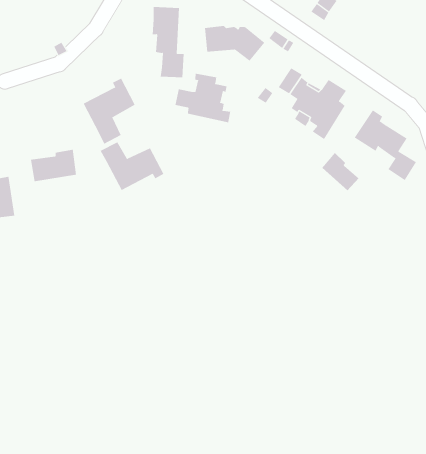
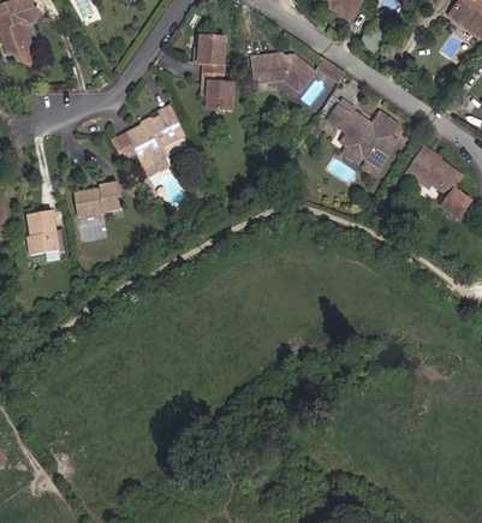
building: [175,73,231,123] -> none
building: [100,142,164,191] -> none
building: [321,152,359,191] -> none

